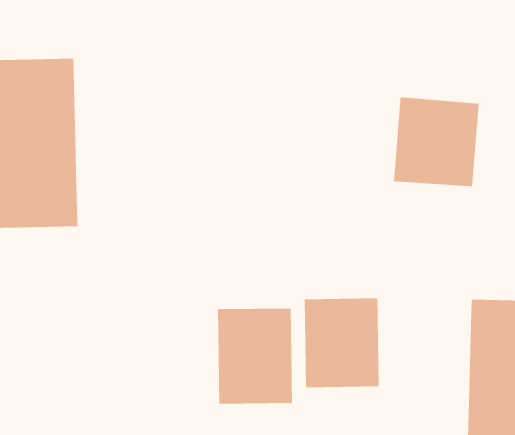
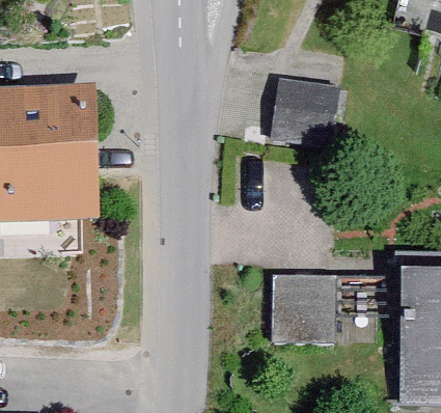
building: [393,97,479,187] -> [269,77,336,147]
building: [217,308,292,404] -> none

